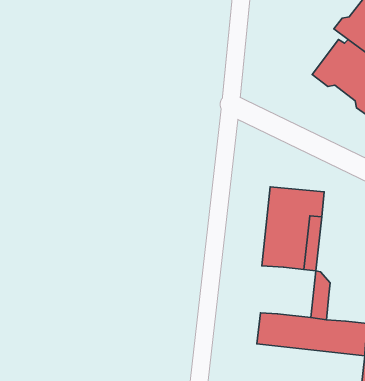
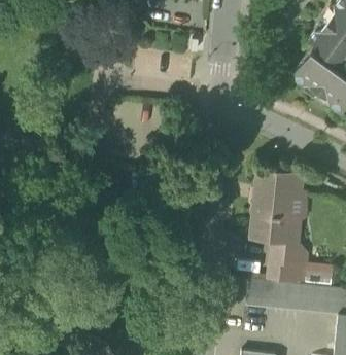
building: none -> [264,241,297,284]
building: none -> [306,264,333,288]

